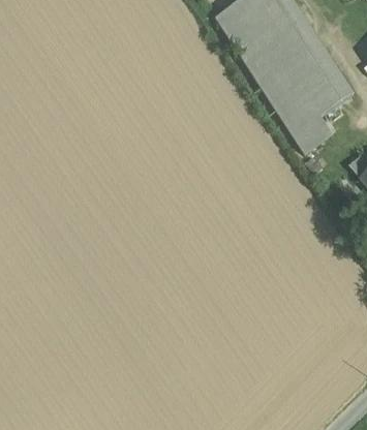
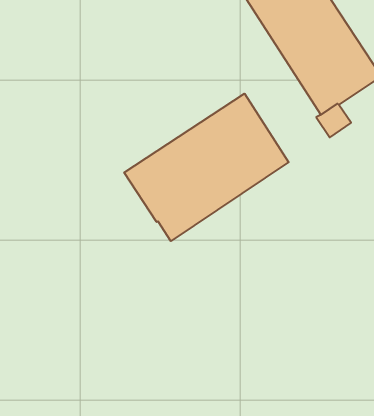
building: none -> [124,94,289,241]

